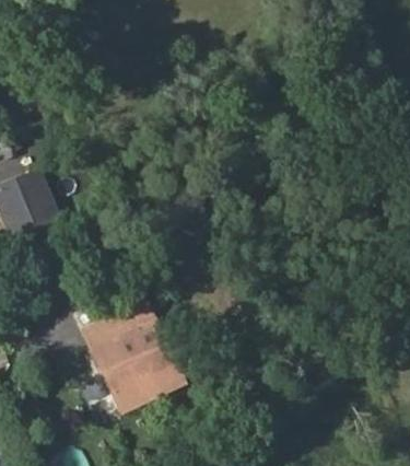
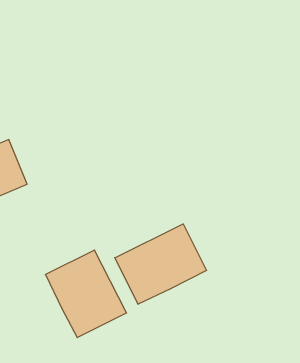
building: none -> [115,224,207,304]

